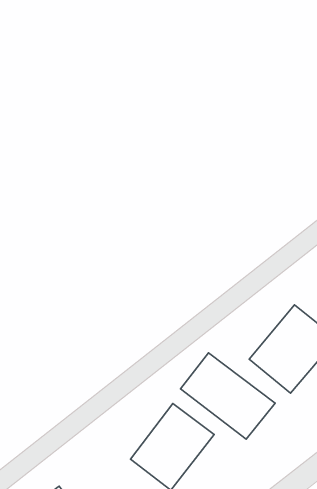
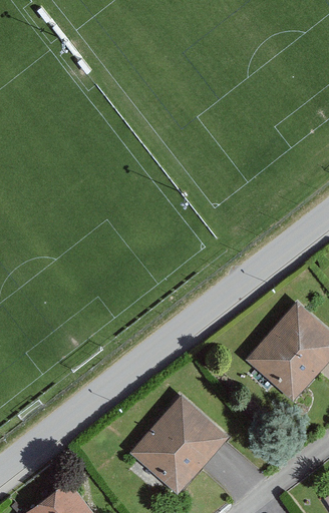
building: [180,353,275,439] -> none

